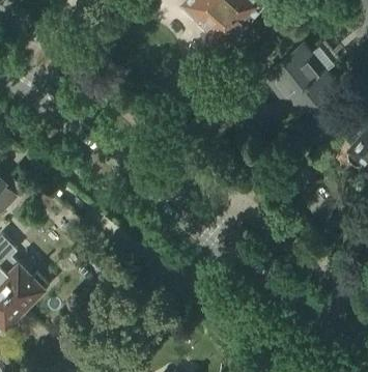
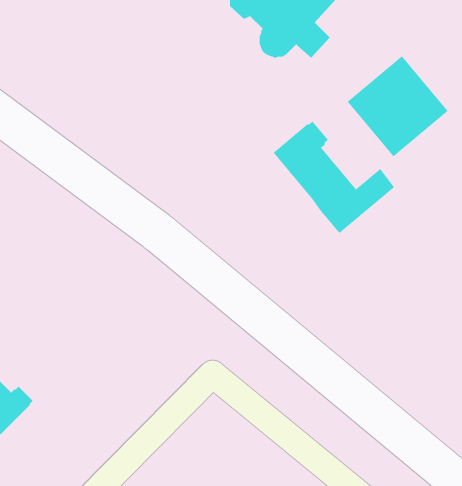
building: none -> [273,121,395,234]

